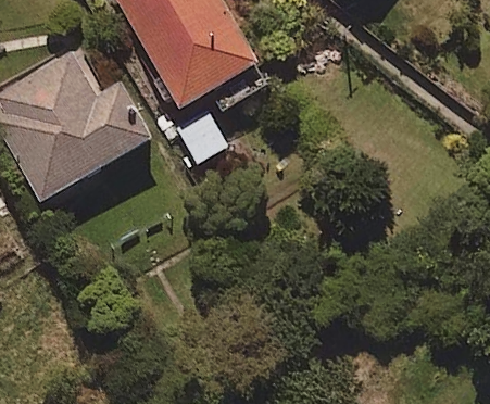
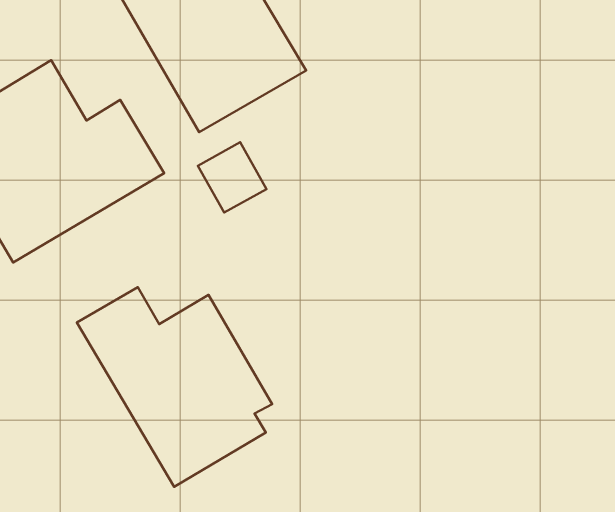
building: none -> [77,287,272,487]

